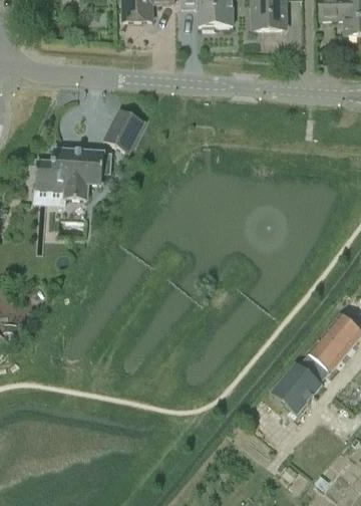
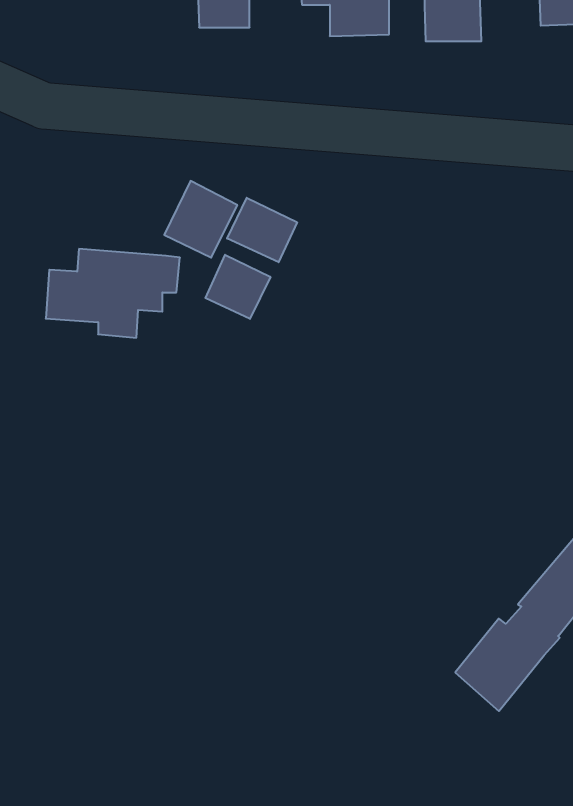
building: none -> [227,198,297,262]
building: none -> [205,255,270,319]

